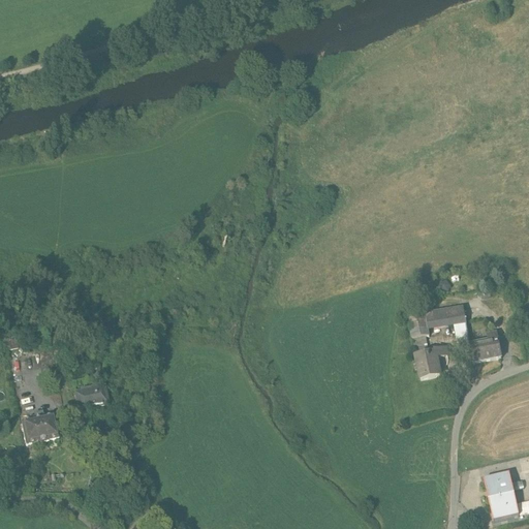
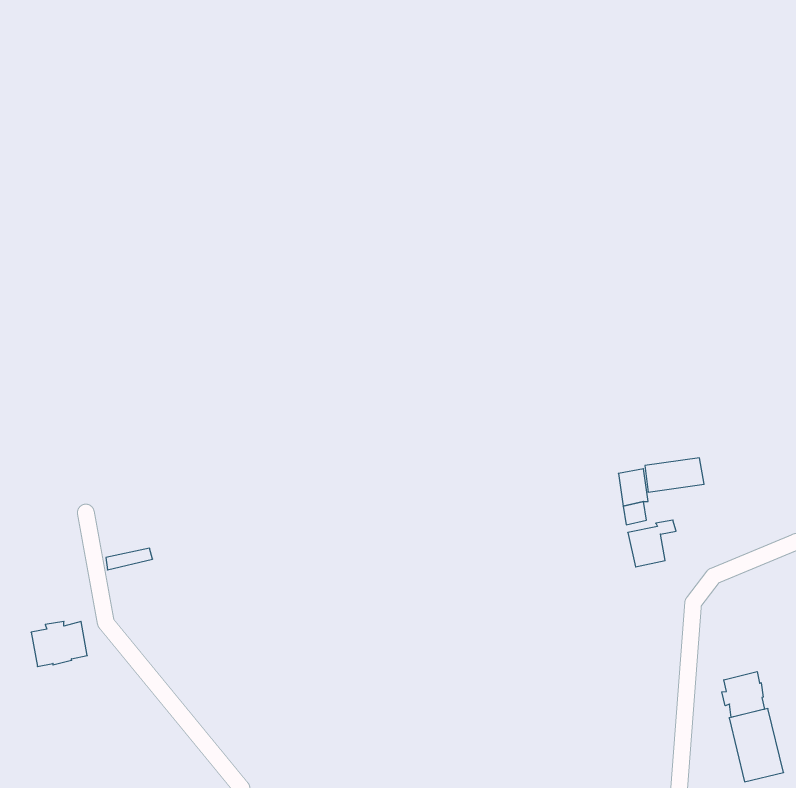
building: [470,330,502,360] -> none
building: [74,383,107,408] -> none
building: none -> [722,672,764,717]

